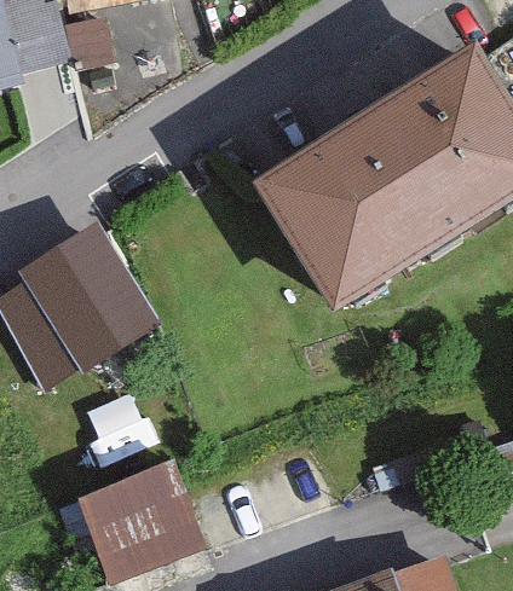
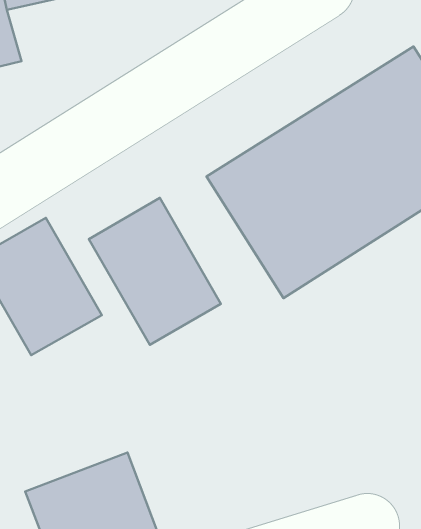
building: none -> [89,198,221,345]

